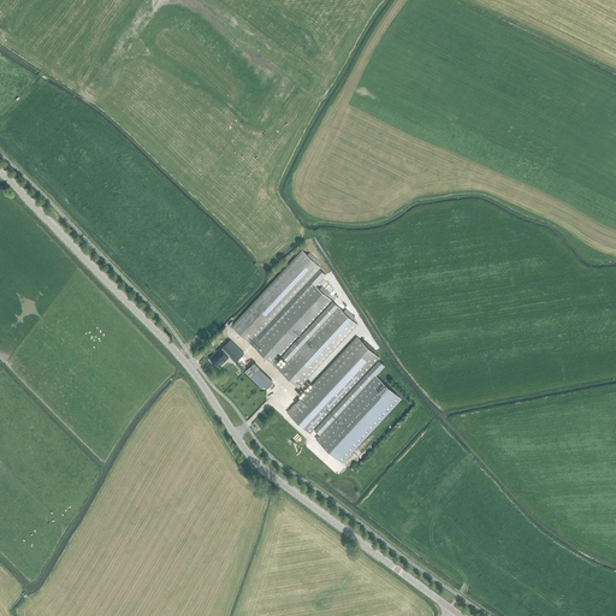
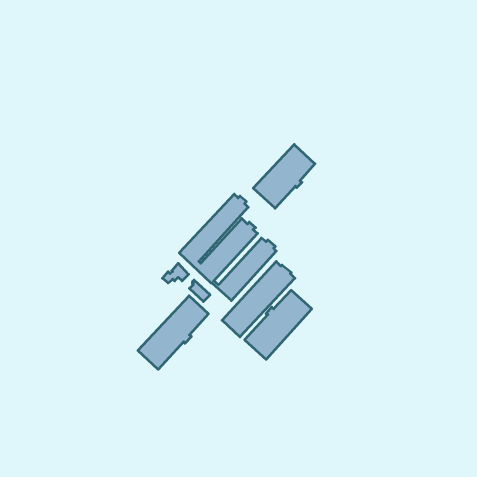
building: none -> [253,144,315,208]
building: none -> [138,296,208,369]

